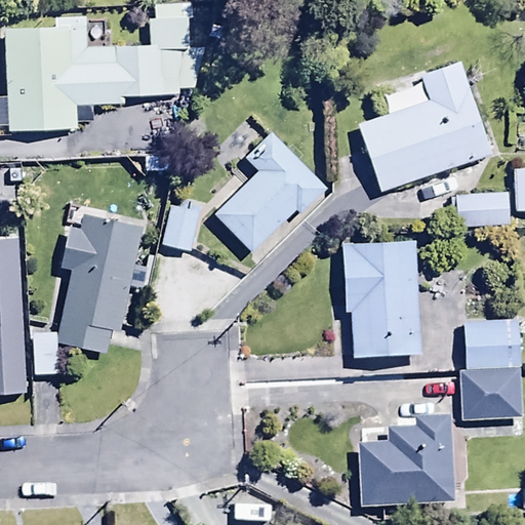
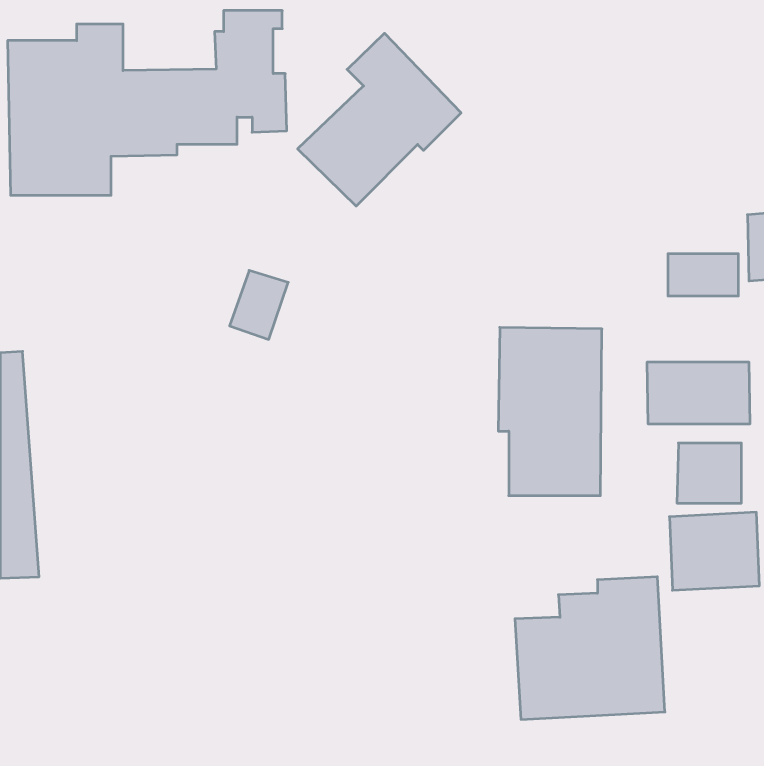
building: [359,63,491,194] -> none
building: [214,136,326,254] -> [298,33,461,206]
building: [57,217,142,353] -> none
building: none -> [647,362,750,424]

